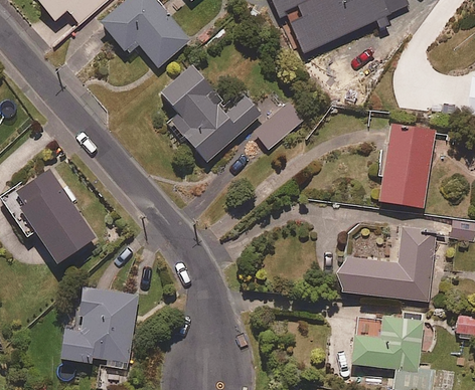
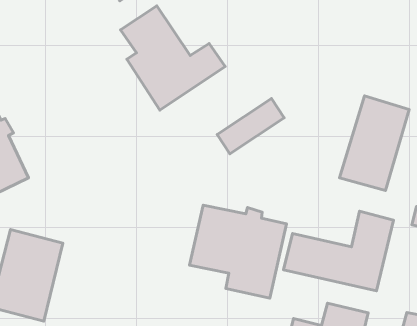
building: [243,103,302,158] -> [217,99,284,154]
building: none -> [190,205,287,298]

